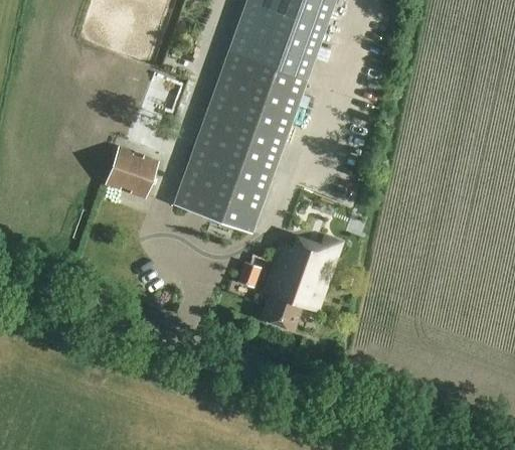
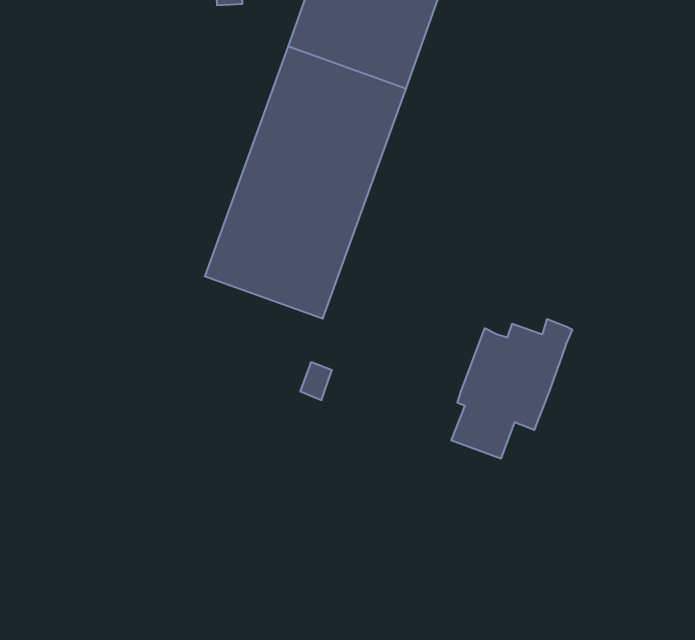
building: [107,149,158,193] -> none
building: [262,237,342,329] -> [451,319,572,458]

